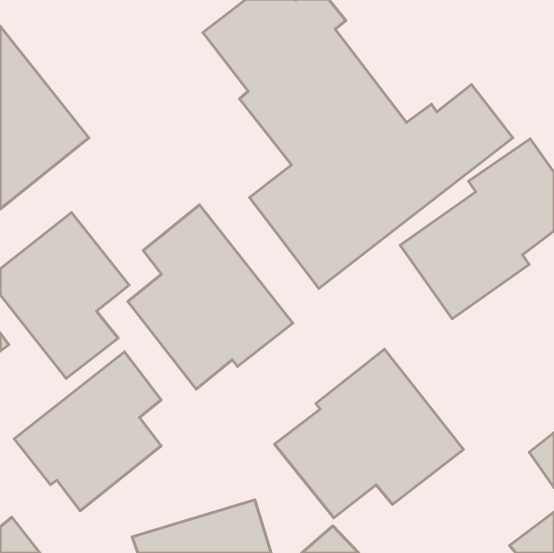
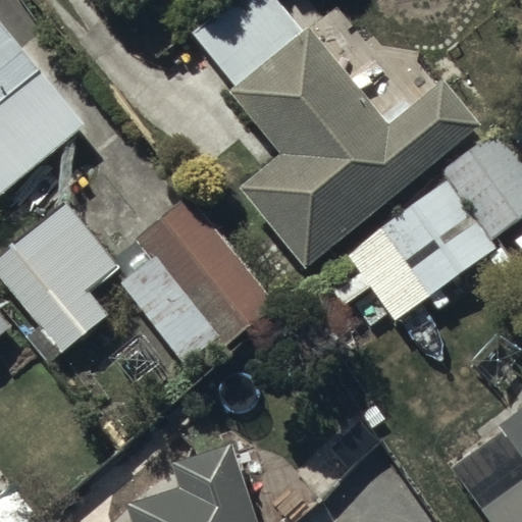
building: [275,349,464,518] -> none
building: [14,352,161,511] -> none

